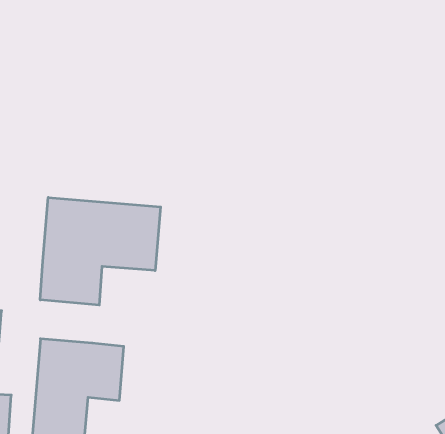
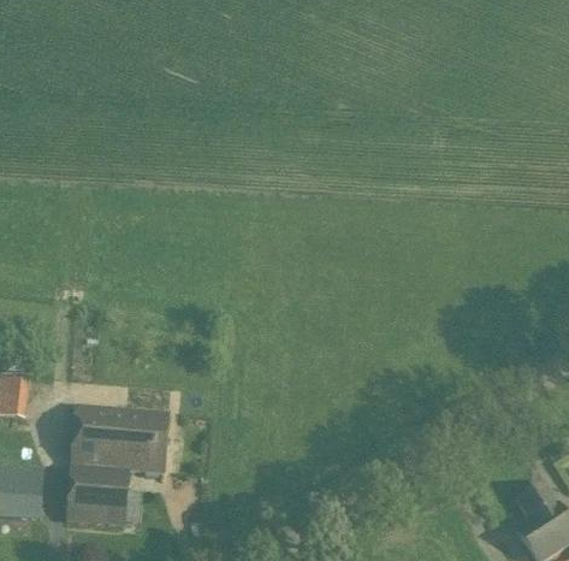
building: [40,197,161,305] -> none

